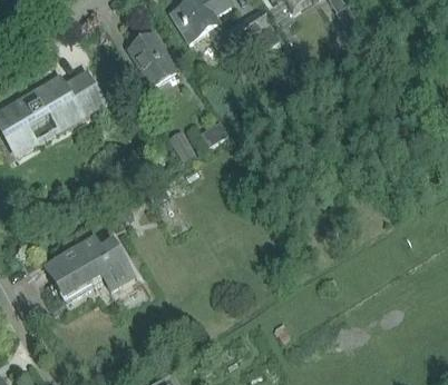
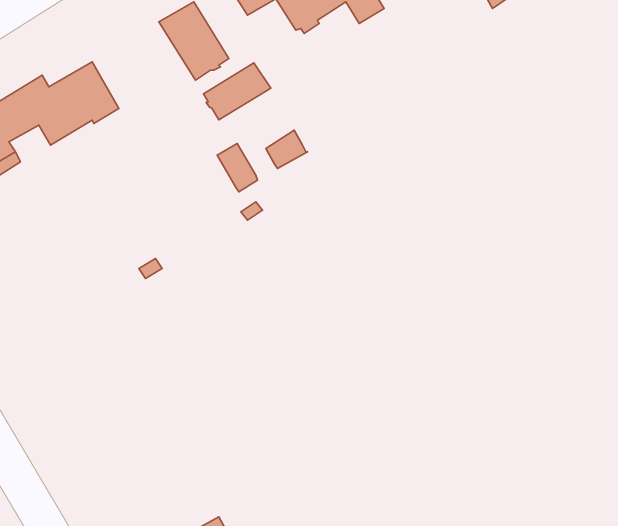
building: none -> [204,63,271,120]
building: [47,235,134,297] -> none

